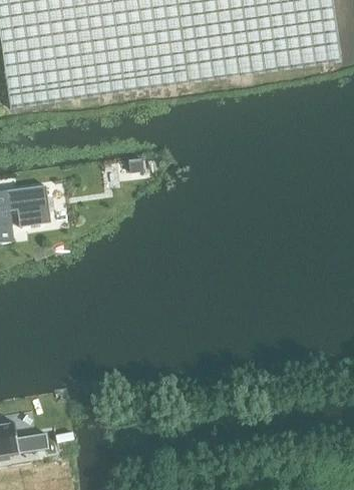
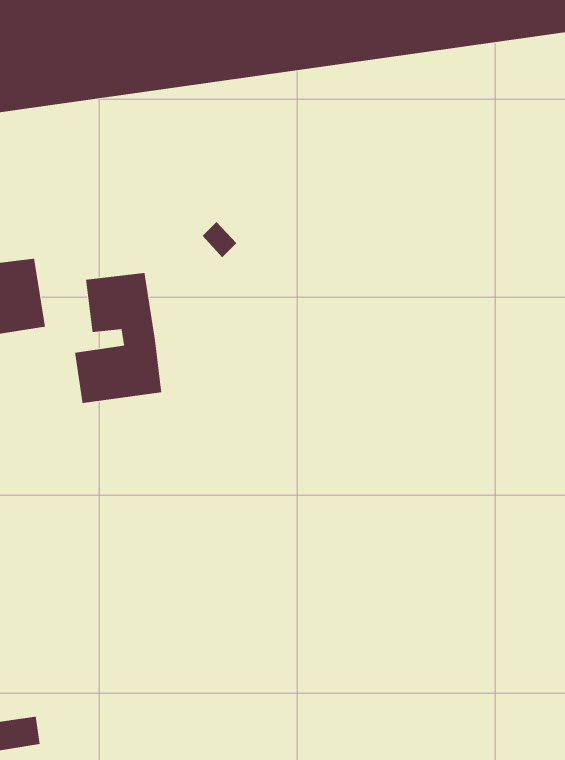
building: none -> [74,272,162,404]

